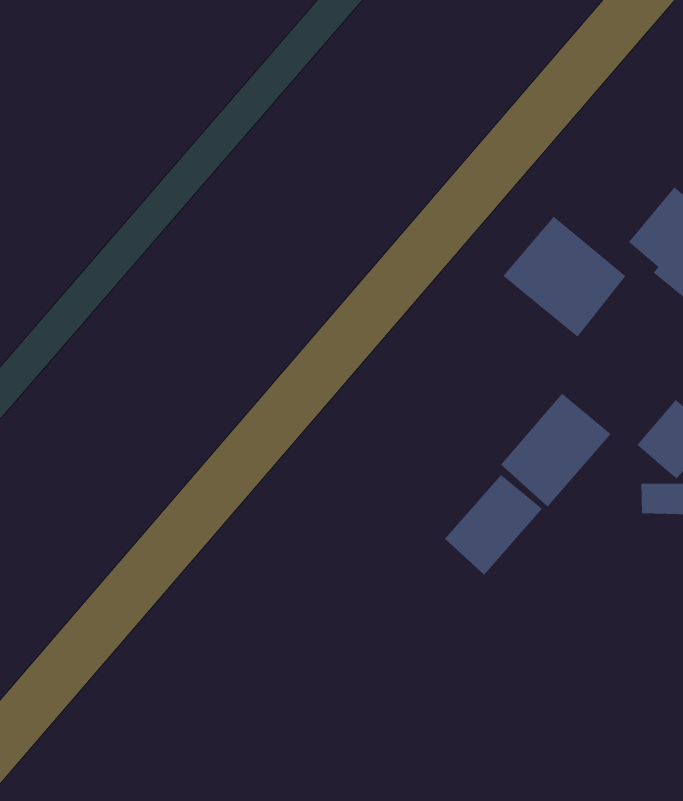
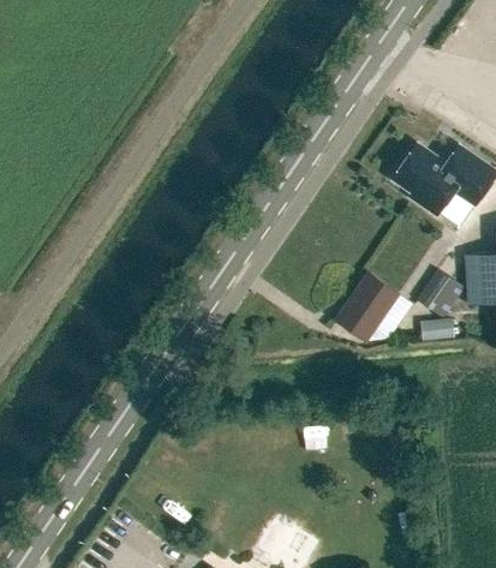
building: [503,216,626,337] -> none
building: [444,474,543,576] -> none

